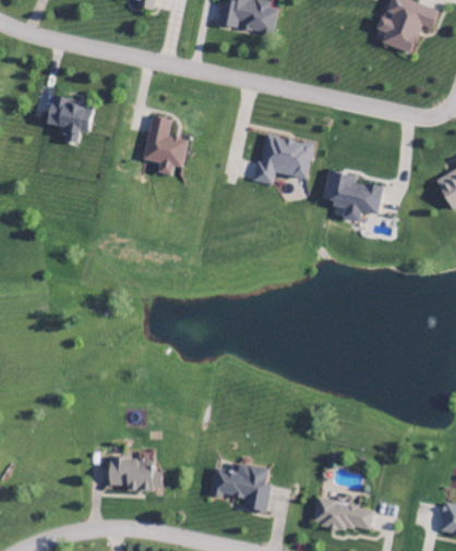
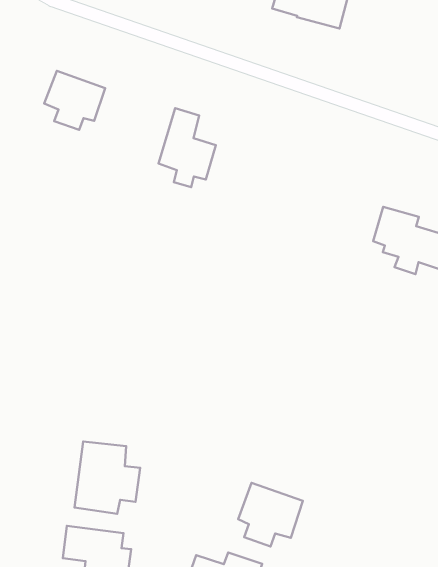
building: [256,135,313,184] -> none
building: none -> [75,441,140,514]
building: none -> [238,483,303,547]

